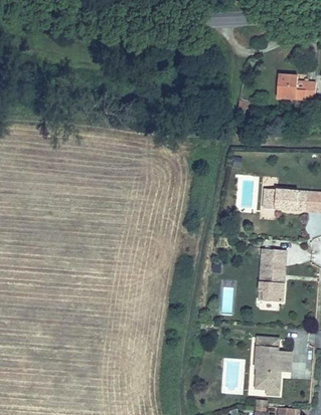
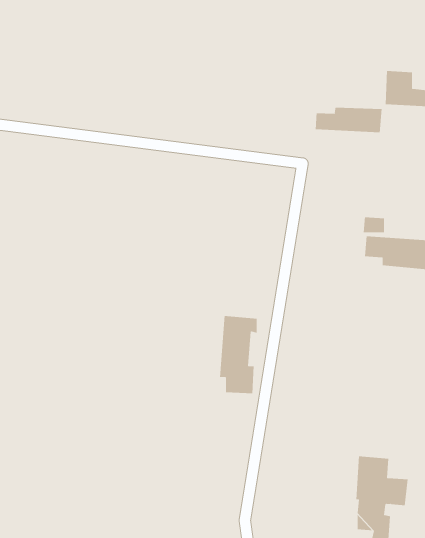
building: none -> [315,107,382,133]
building: [259,242,285,295] -> [219,316,258,394]

